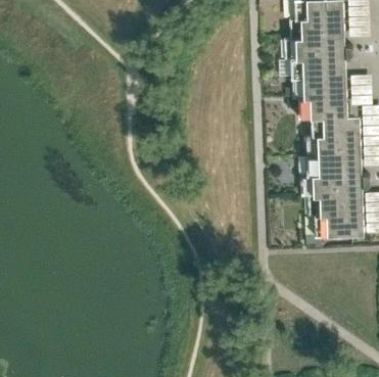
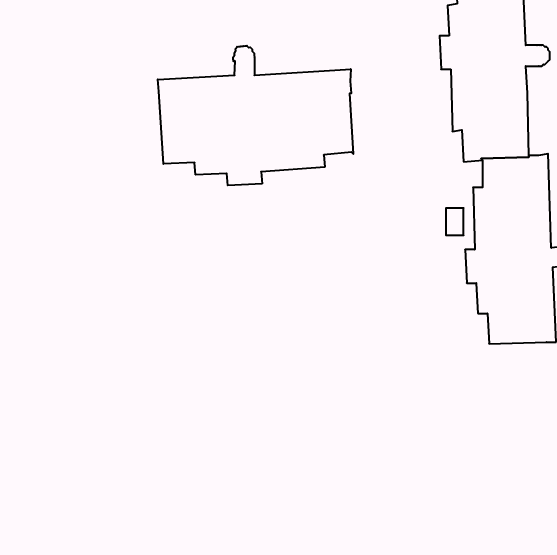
building: none -> [158,46,353,185]

